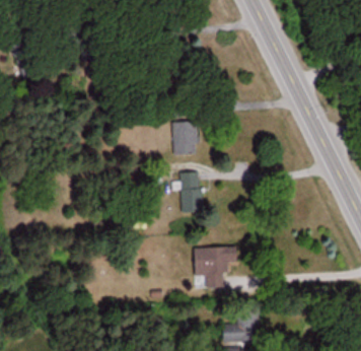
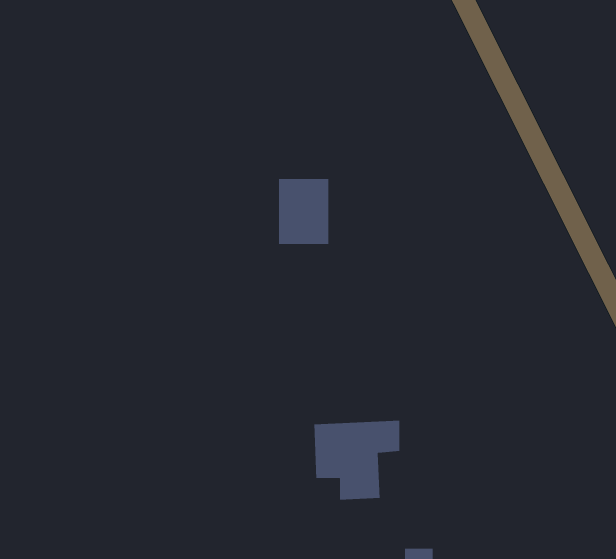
building: [181,172,203,212] -> none

